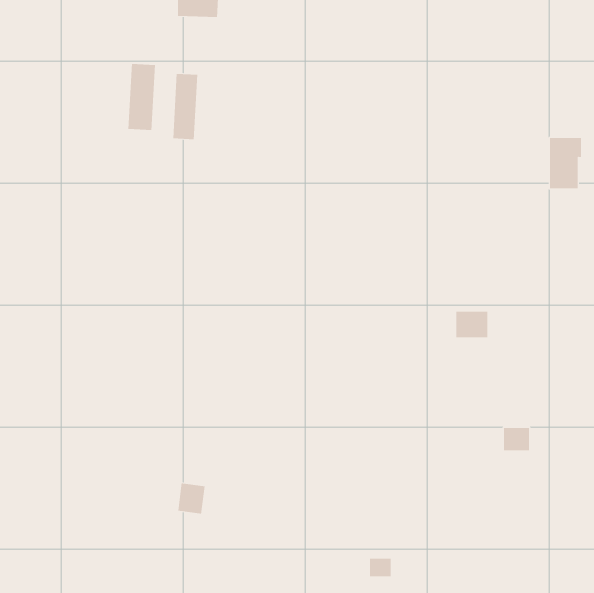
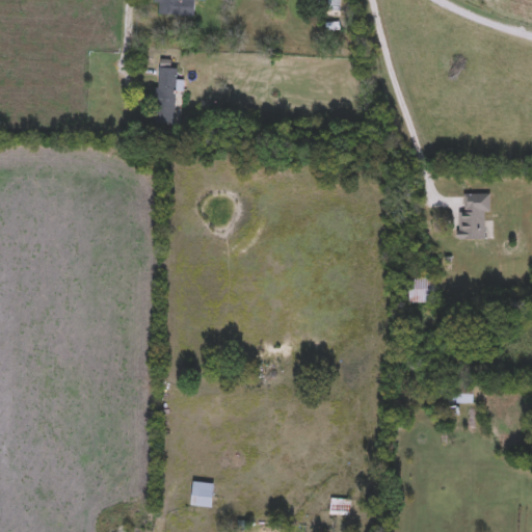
building: [128,63,156,131] -> none
building: [549,138,582,189] -> [461,193,490,239]
building: [177,483,205,514] -> [191,480,216,508]

